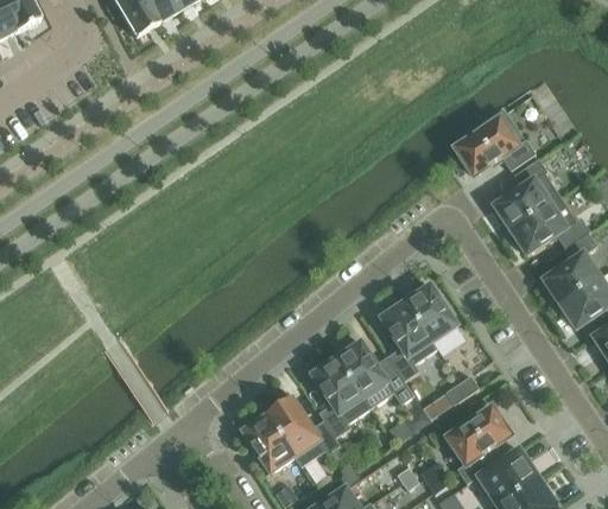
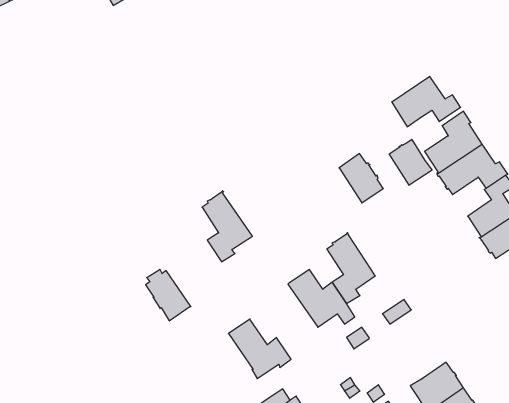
building: none -> [389,139,432,185]
building: [405,284,456,341] -> [339,154,383,203]
building: [311,355,369,437] -> [202,191,252,262]
building: [446,407,509,483] -> none
building: [242,413,294,472] -> [146,269,191,321]

